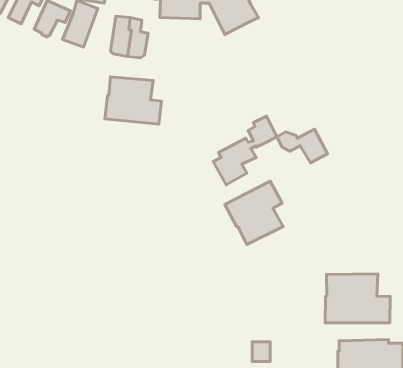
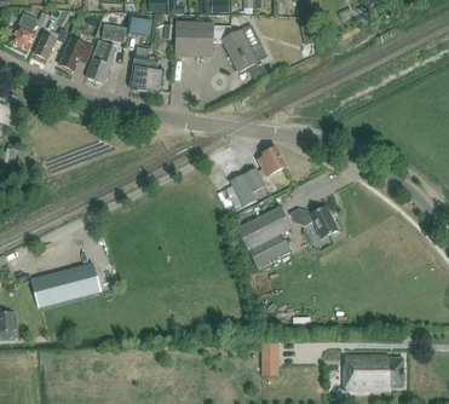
building: [105,77,161,124] -> none
building: [277,129,327,163] -> [290,206,338,237]
building: none -> [33,262,102,307]
building: [325,274,390,323] -> none

